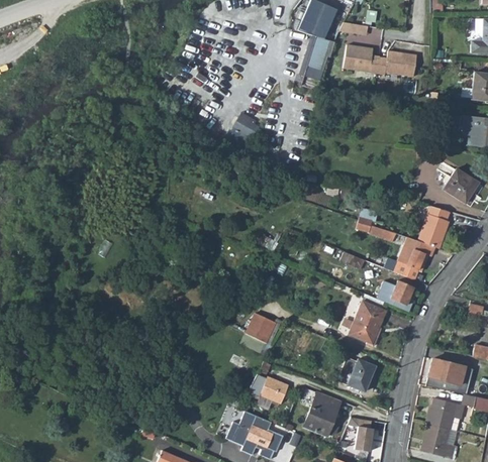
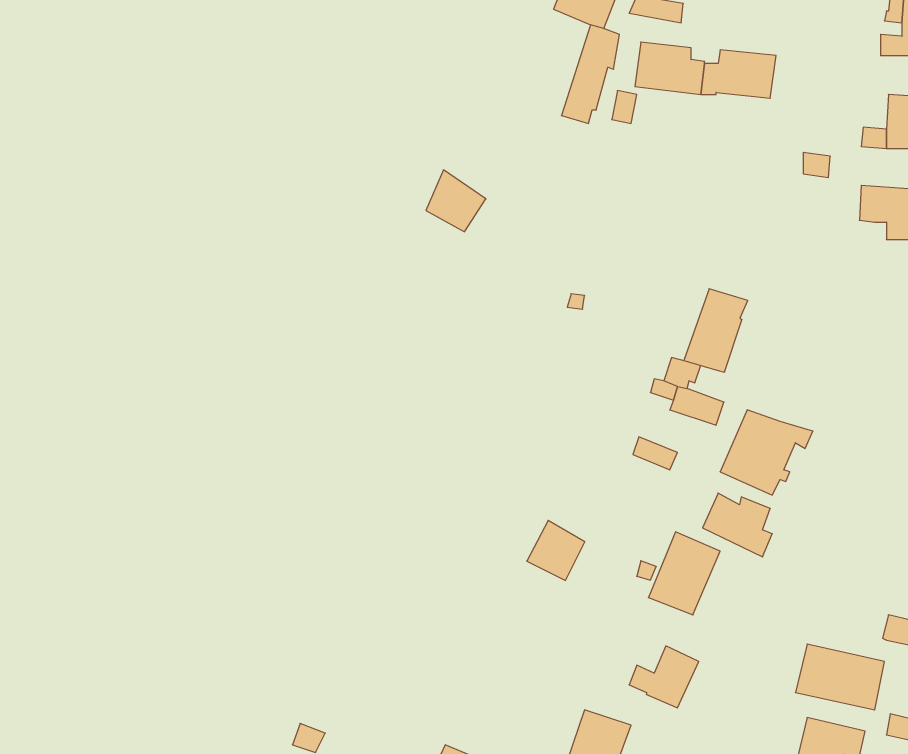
building: [444,169,479,204] -> none
building: [418,205,452,248] -> [684,289,748,372]
building: [245,313,275,344] -> [527,520,585,580]
building: [247,361,287,402] -> none

